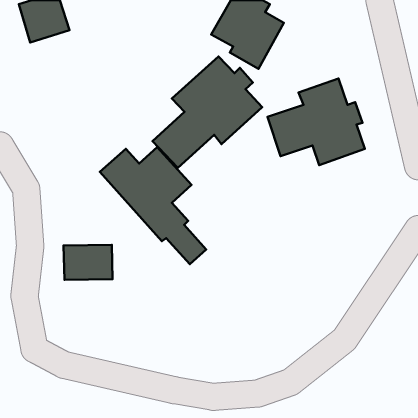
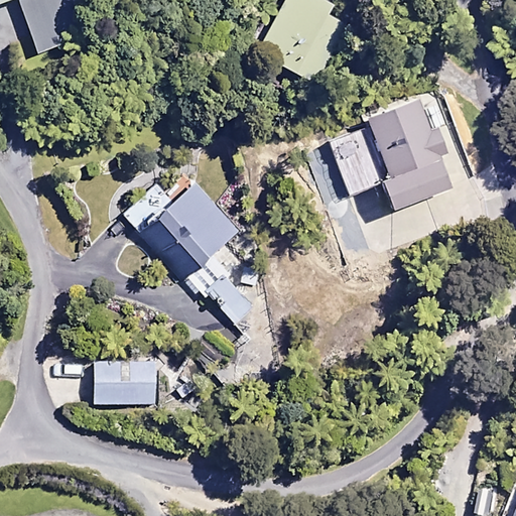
building: [153,57,262,168] -> none
building: [64,245,113,280] -> [94,361,154,404]

